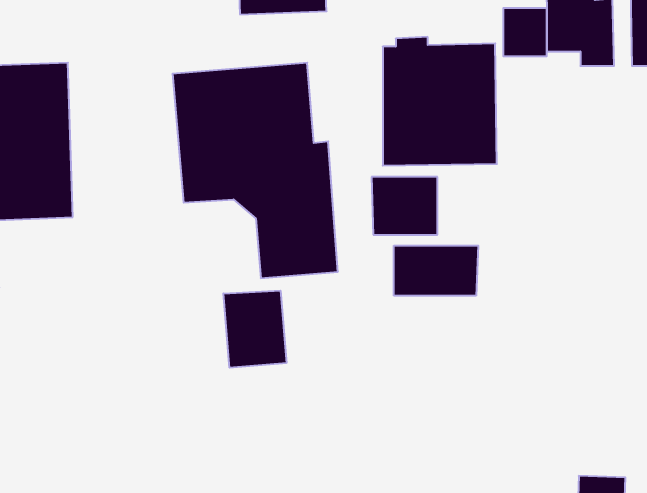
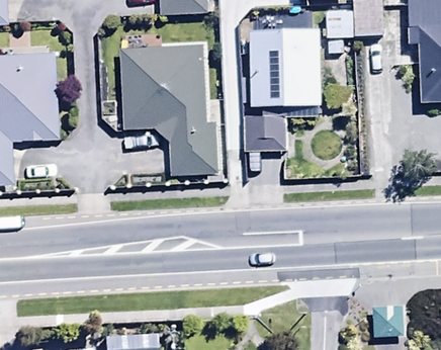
building: [394,246,478,296] -> none
building: [223,291,286,368] -> none

